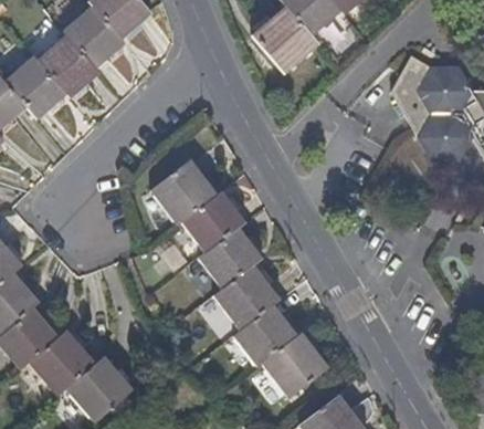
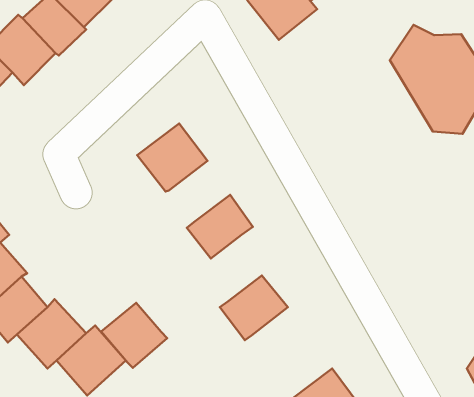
building: [180,189,246,252] -> none
building: [211,264,278,329] -> none
building: none -> [101,303,167,368]
building: [261,332,326,397] -> none

